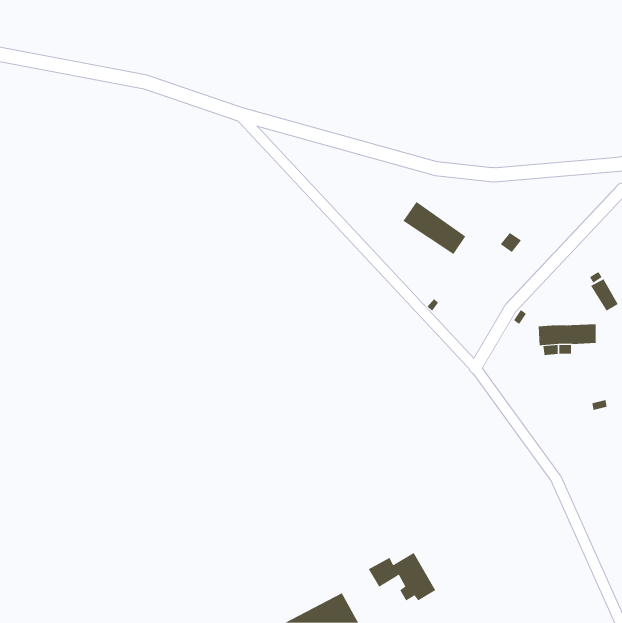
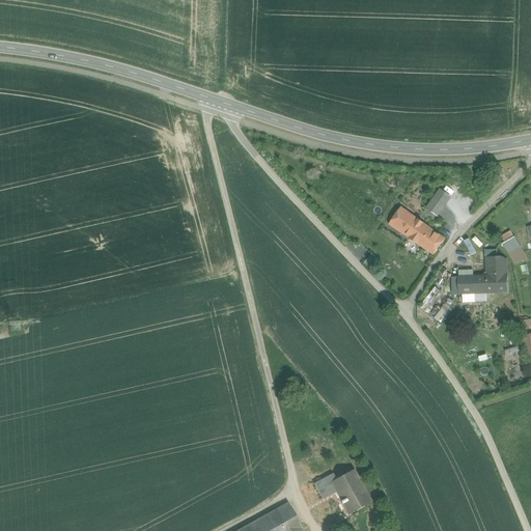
building: [403,201,466,255] -> [388,207,442,253]
building: none -> [483,256,506,276]

